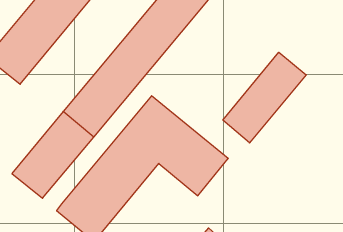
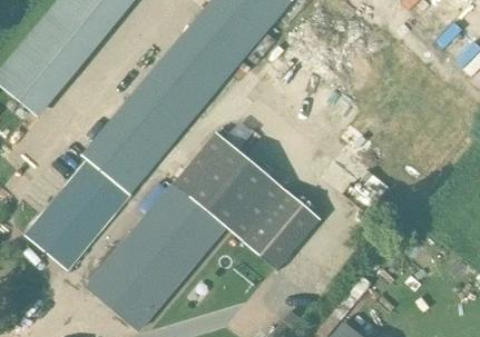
building: [223,52,306,143] -> none

